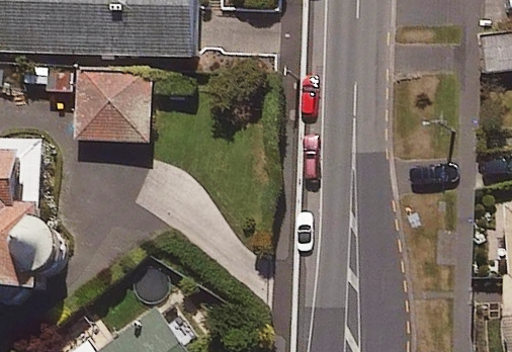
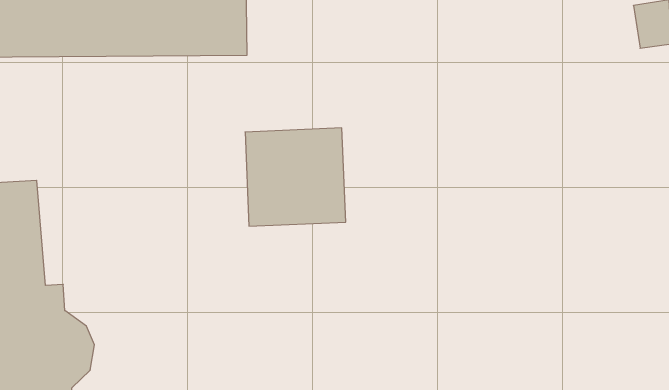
building: [76,70,148,140] -> [245,128,346,226]

